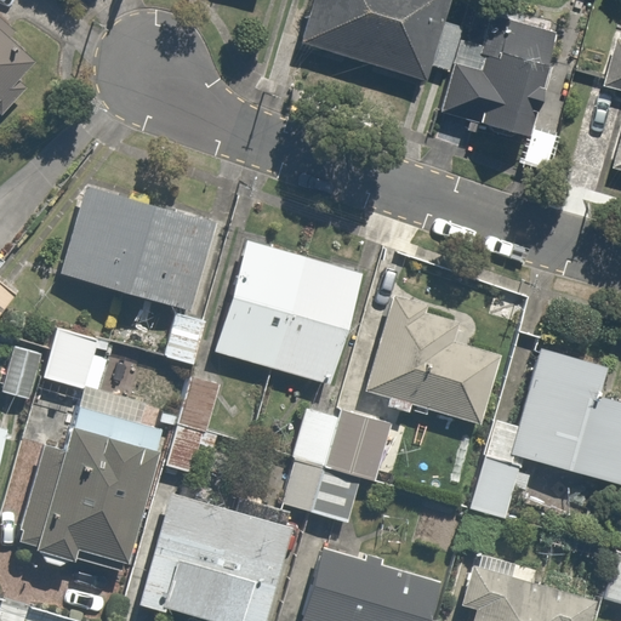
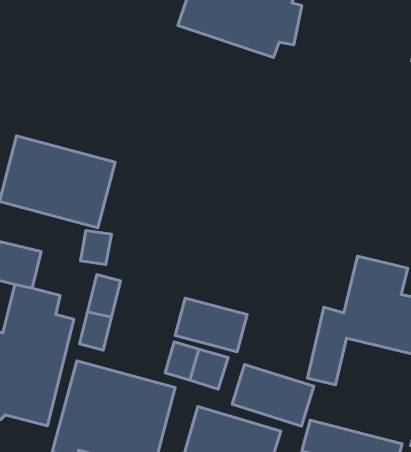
building: [445,16,552,142] -> none
building: [211,239,360,387] -> none
building: [369,294,502,422] -> none
building: none -> [232,364,314,426]

